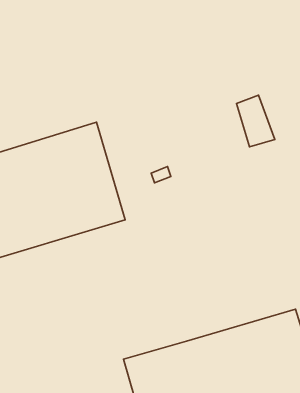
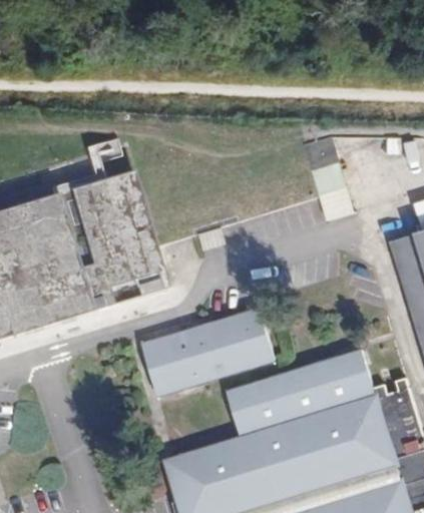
building: none -> [141,310,274,394]
building: none -> [227,350,375,439]

